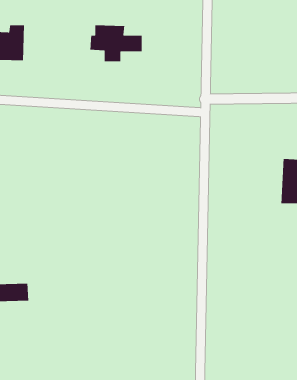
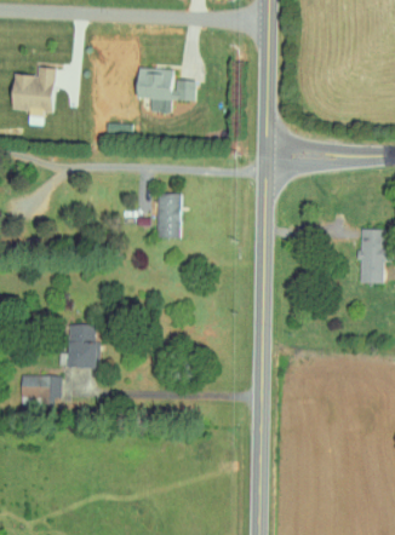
building: none -> [156,192,182,237]
building: none -> [67,323,95,368]

